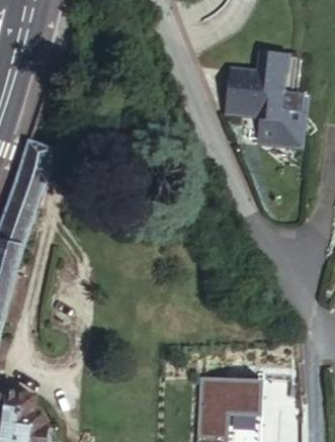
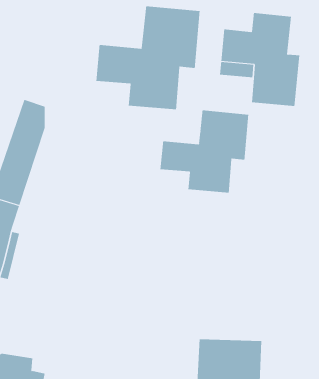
building: none -> [96,5,200,110]
building: none -> [160,110,249,193]

